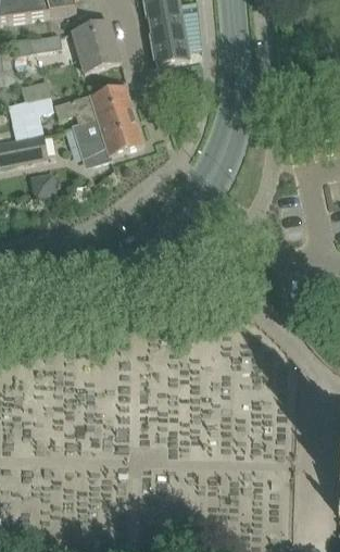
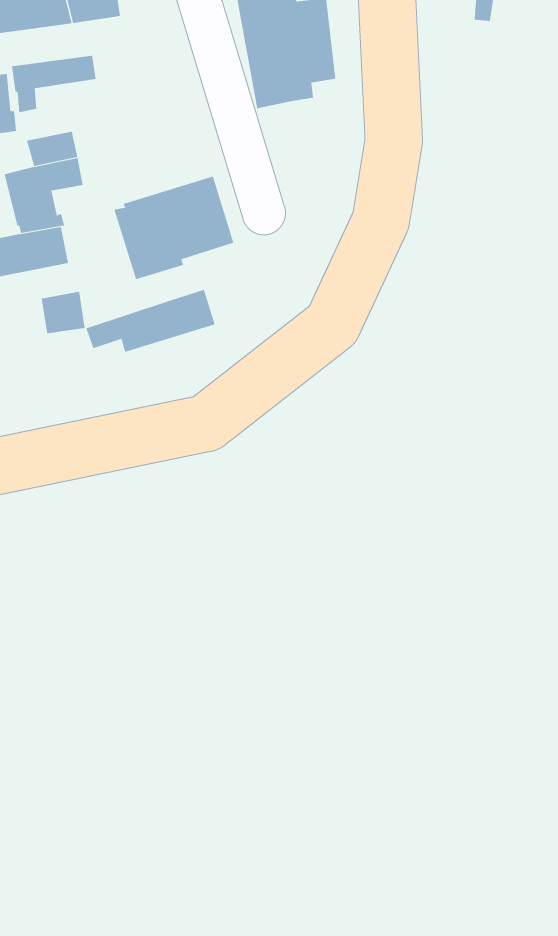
building: [72,17,122,70] -> none
building: [54,83,130,120] -> [85,289,216,352]

